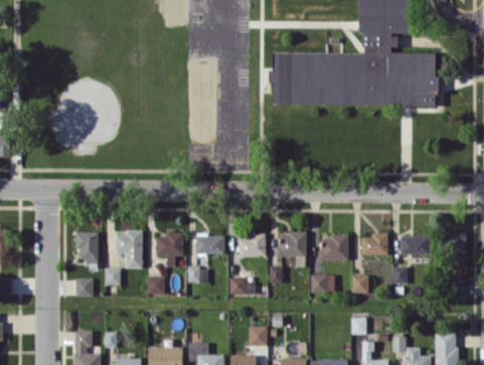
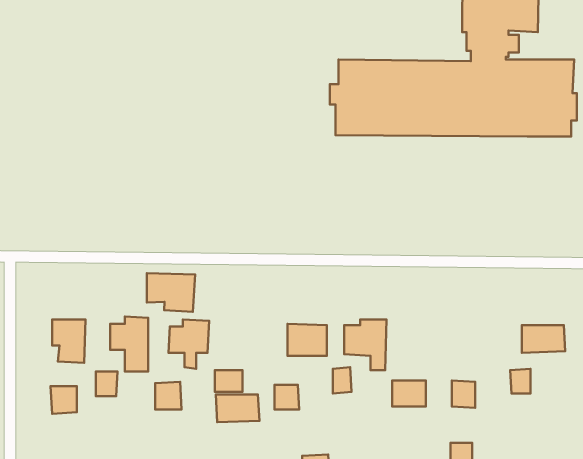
building: none -> [147,273,195,312]
building: [360,232,387,255] -> none
building: [318,234,348,260] -> none
building: [194,235,224,254] -> [216,395,259,422]

